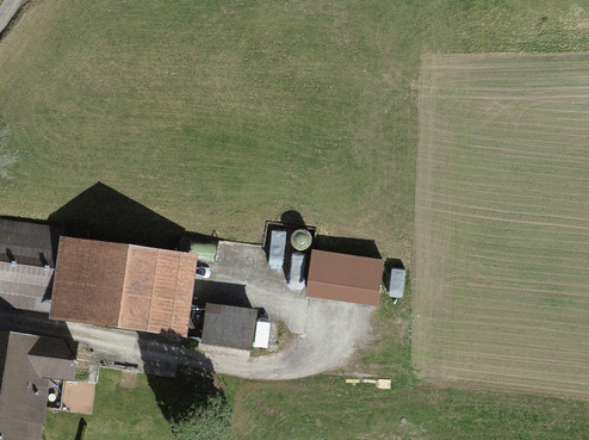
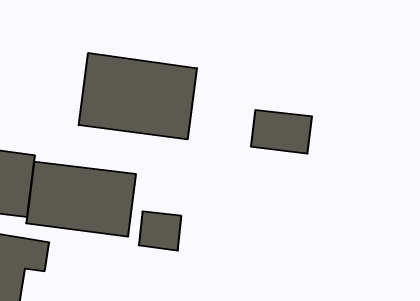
building: none -> [79,53,197,139]
building: [303,249,385,308] -> [251,110,312,154]

